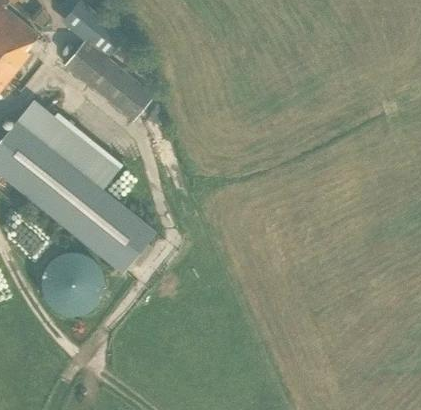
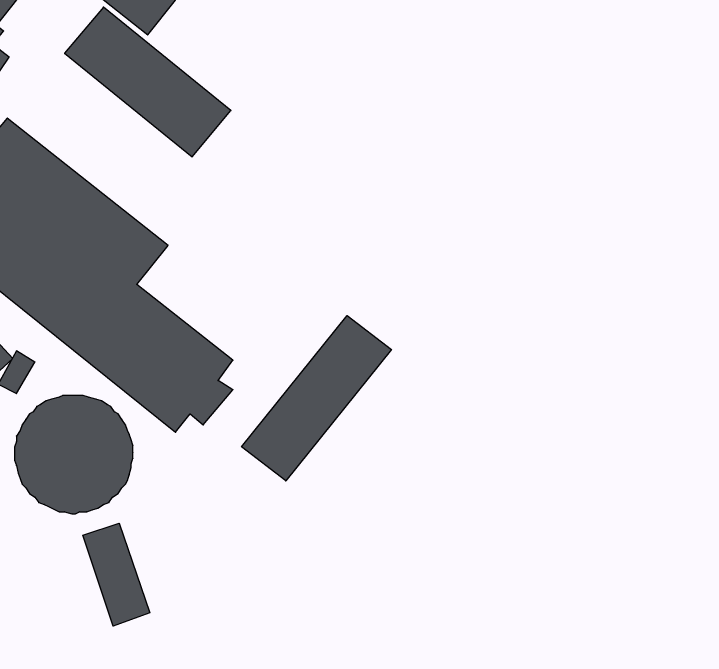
building: none -> [242,316,391,481]
building: none -> [83,523,150,626]

